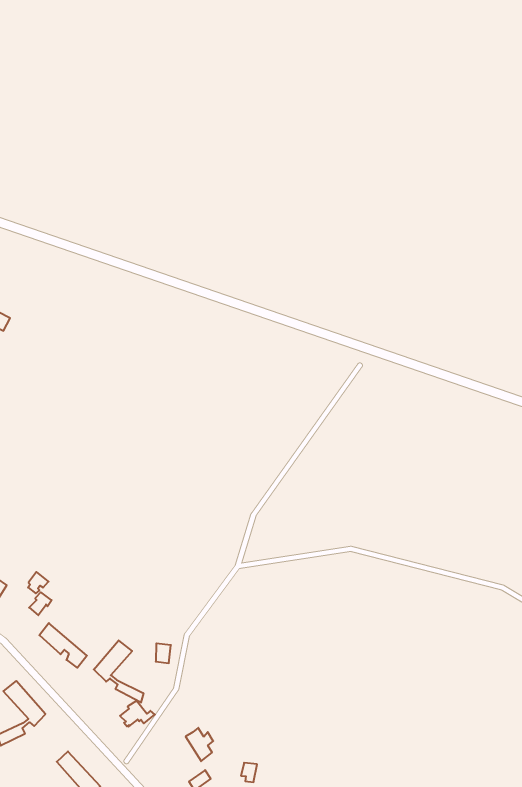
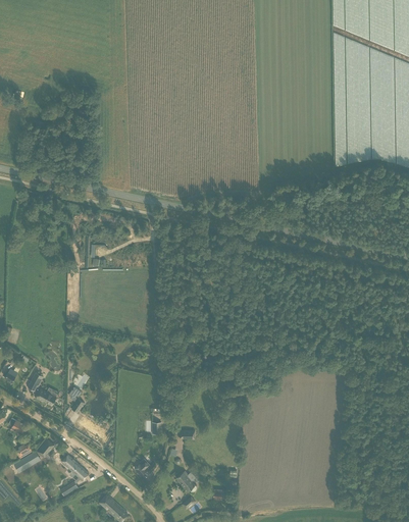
building: [94,640,143,703] -> none

